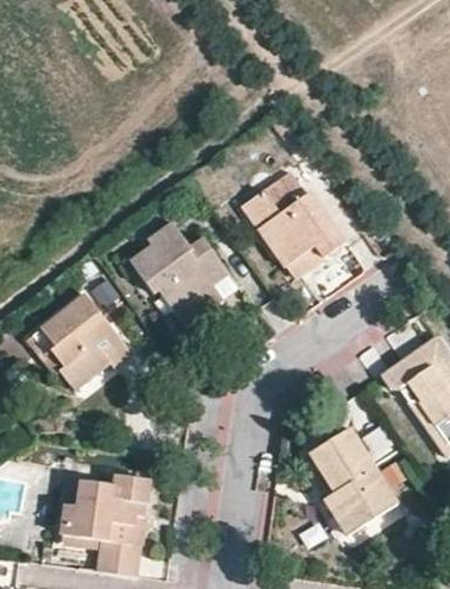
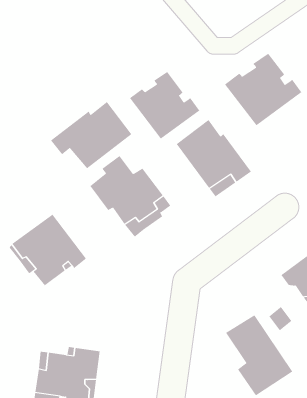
building: none -> [224,53,302,126]
building: none -> [129,71,200,140]
building: none -> [50,101,132,169]

